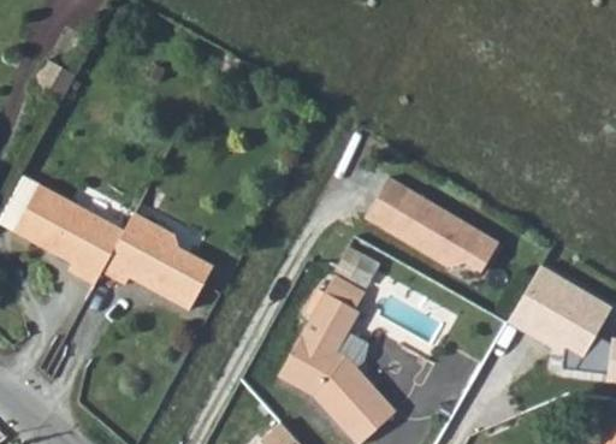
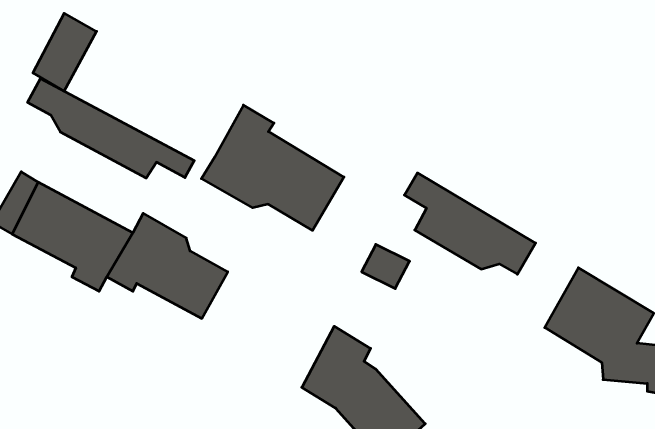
building: none -> [28,79,194,178]
building: none -> [201,105,344,230]
building: [312,277,366,339] -> none

